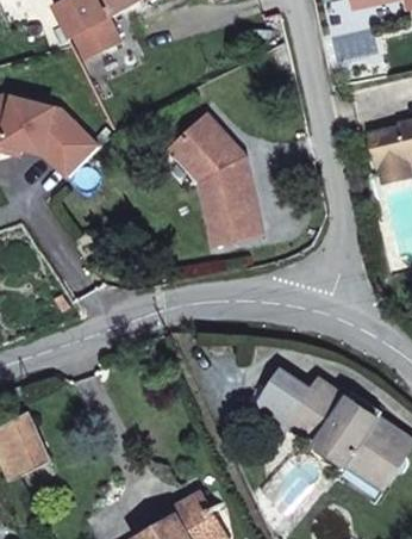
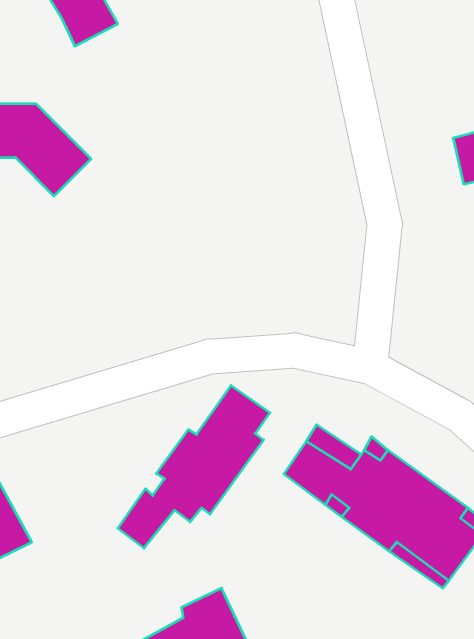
building: [164,106,258,237] -> none
building: none -> [118,385,270,548]

